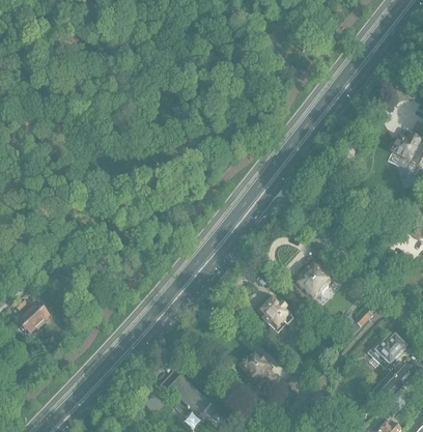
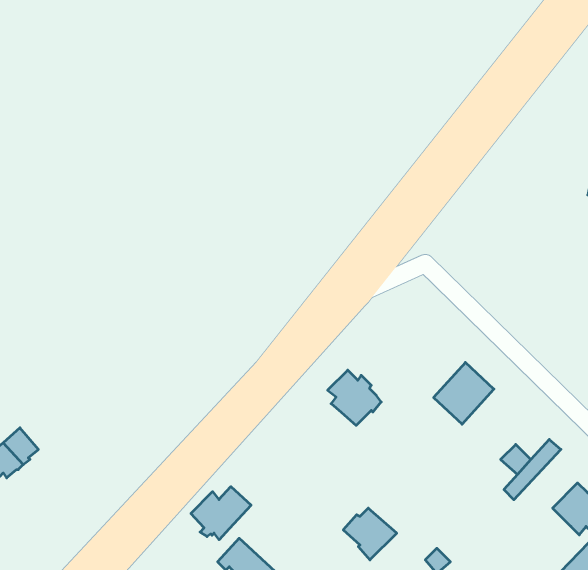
building: [260,298,293,333] -> [328,370,381,425]
building: none -> [191,487,251,540]

